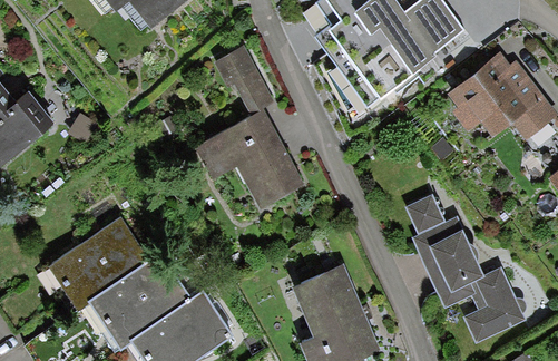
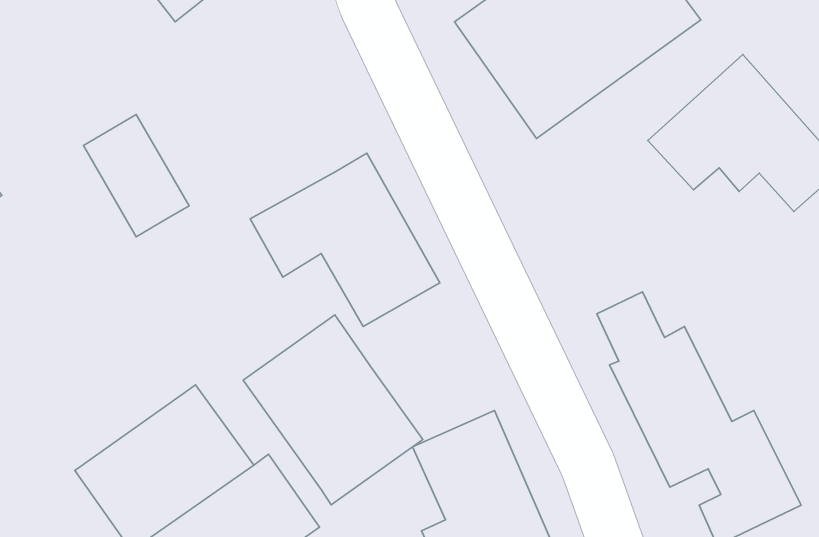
building: [213,45,277,119] -> [83,115,189,237]
building: none -> [243,315,423,505]
building: [46,213,151,309] -> none

